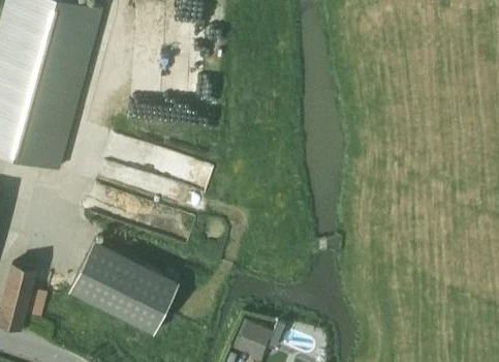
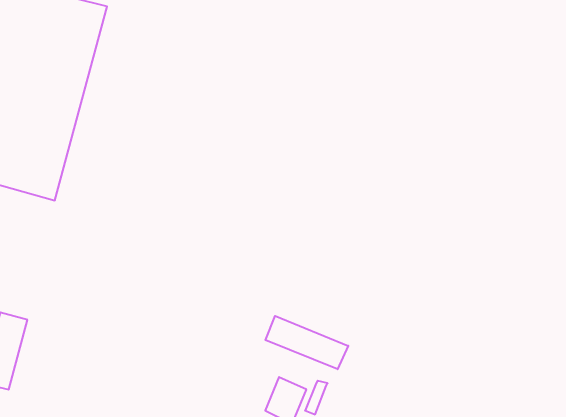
building: [68,242,178,333] -> none
building: none -> [265,316,348,369]

